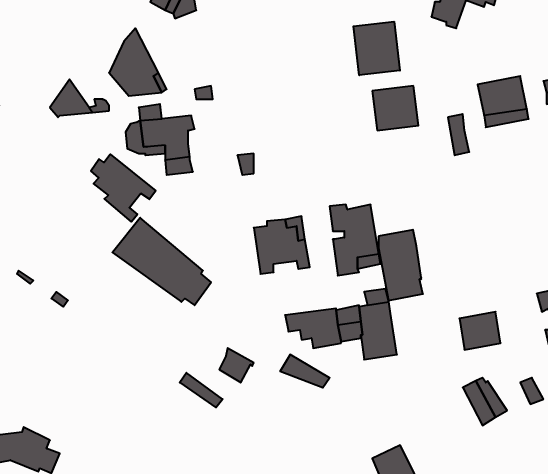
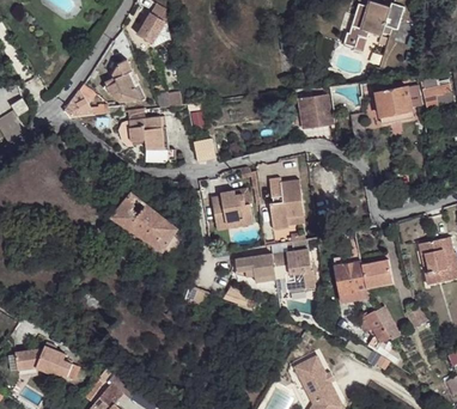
building: [353,22,400,75] -> none
building: [91,154,156,222] -> none
building: [379,230,423,301] -> [335,251,367,303]

